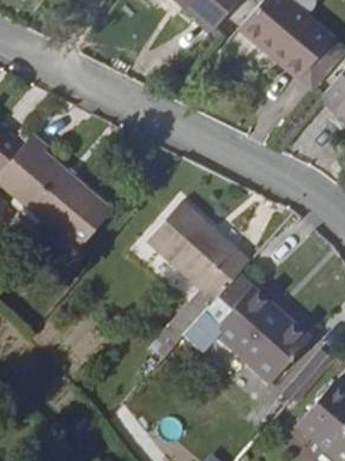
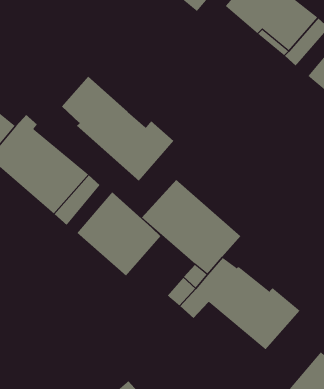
building: none -> [61,76,174,182]
building: none -> [76,192,161,277]

